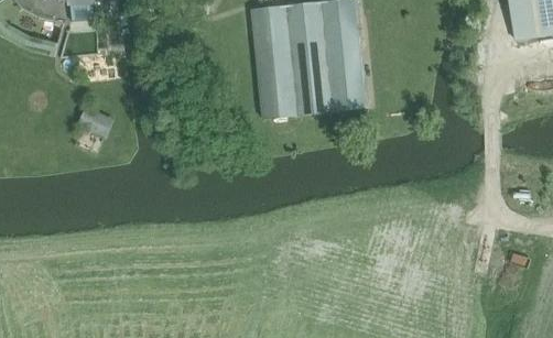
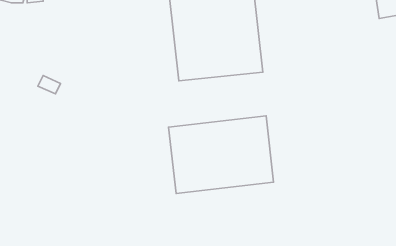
building: none -> [169,116,273,193]

